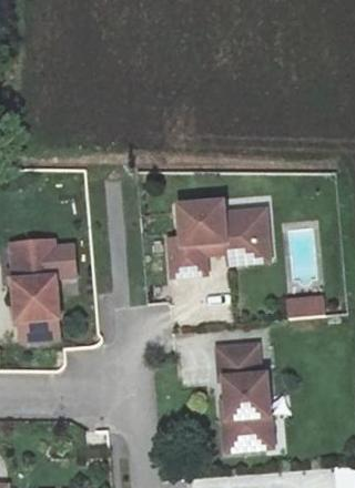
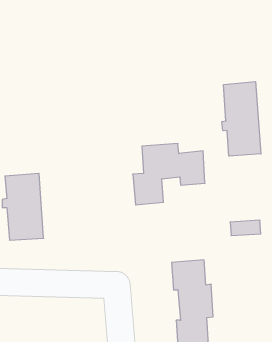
building: none -> [222,82,261,156]

